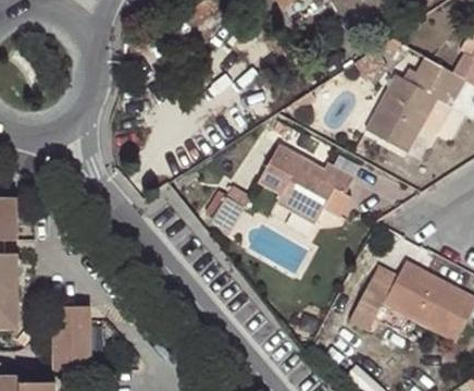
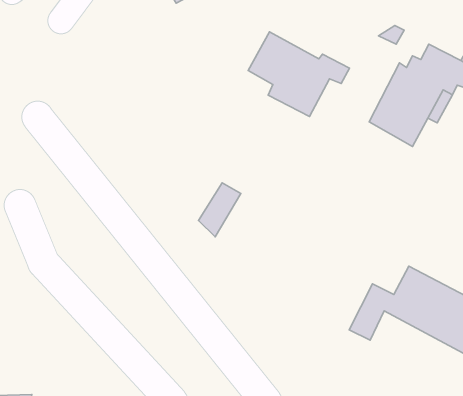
building: [259,144,352,222] -> [248,32,349,116]
building: [54,308,91,371] -> none

